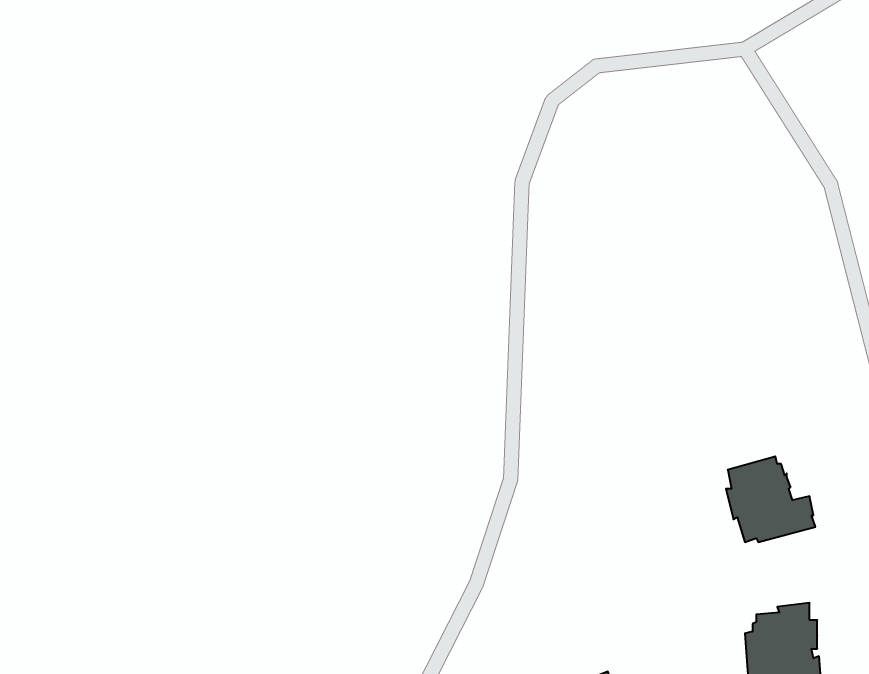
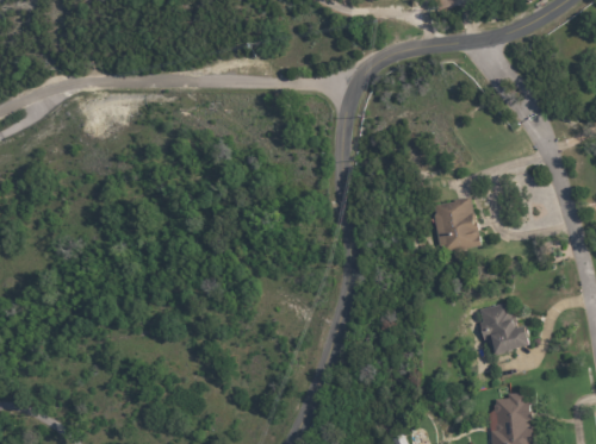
building: none -> [435,198,486,252]

